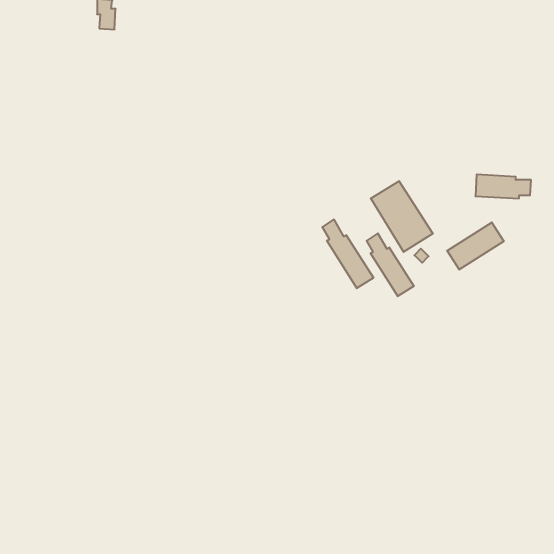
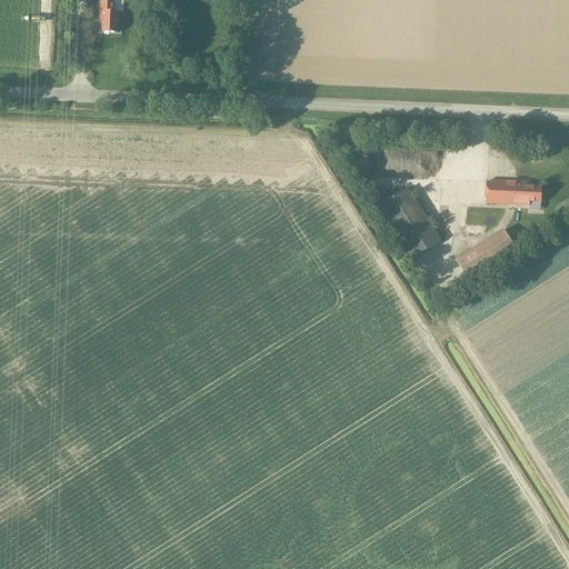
building: [322,219,373,288] -> none
building: [367,233,414,296] -> none

